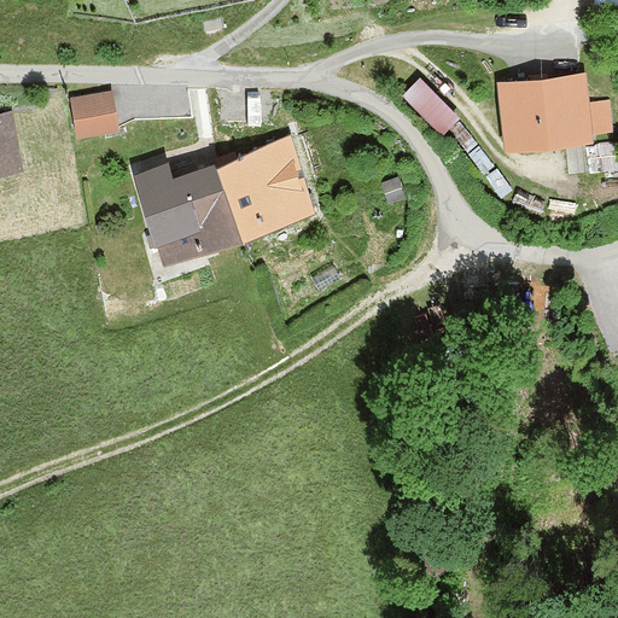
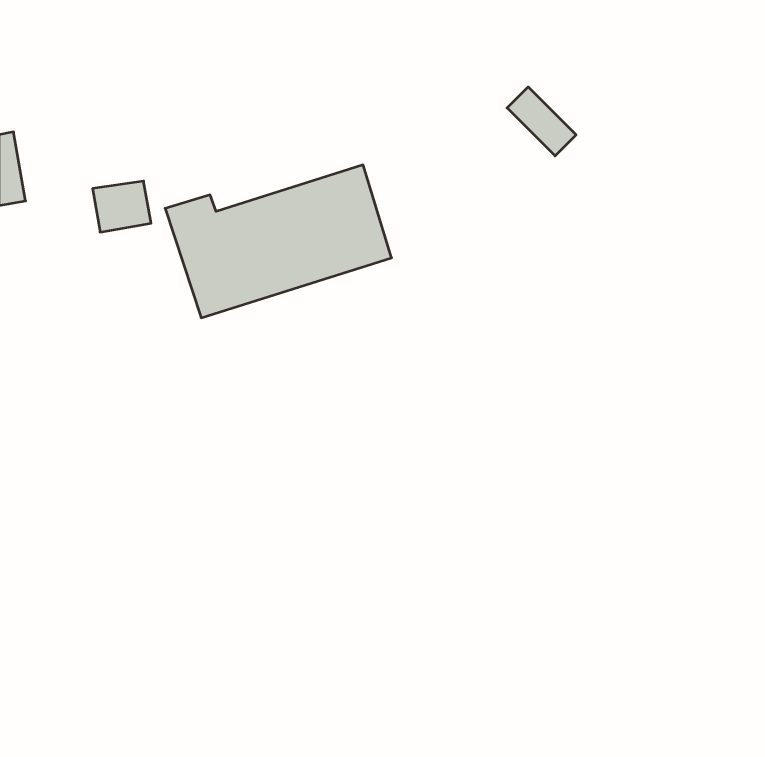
building: [496,76,591,152] -> none
building: [69,97,116,138] -> [93,181,151,232]

